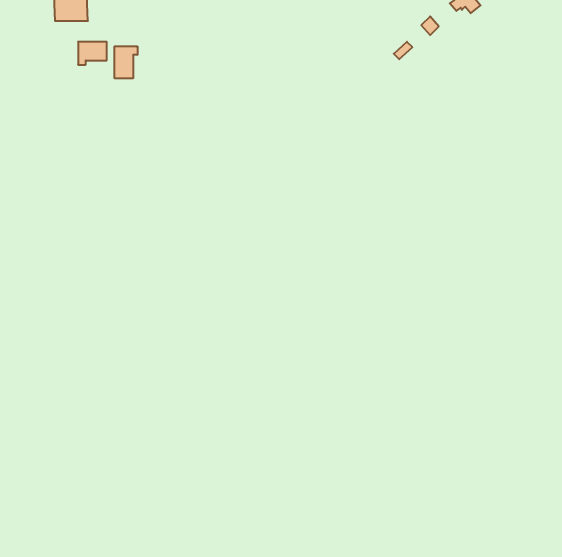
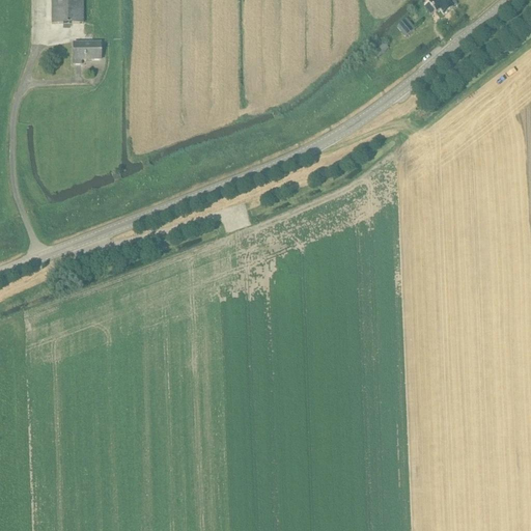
building: [115,46,137,78] -> none

